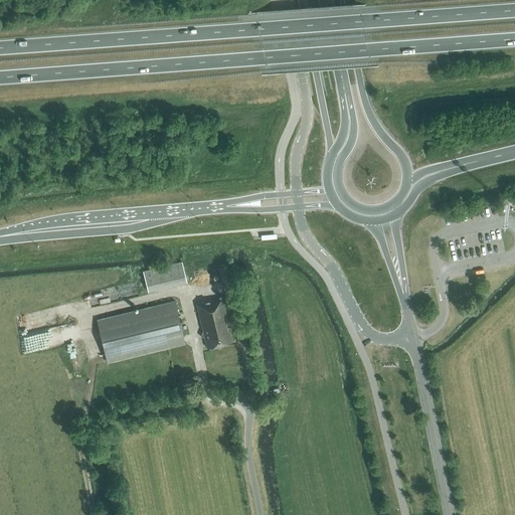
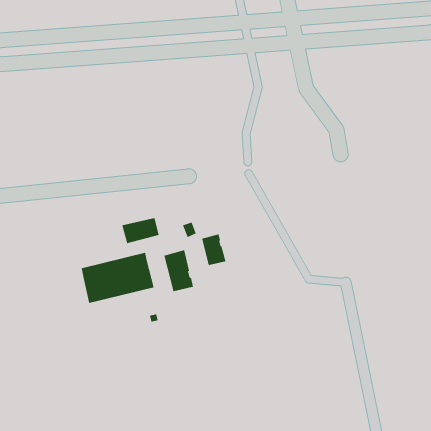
building: none -> [202,234,226,266]

